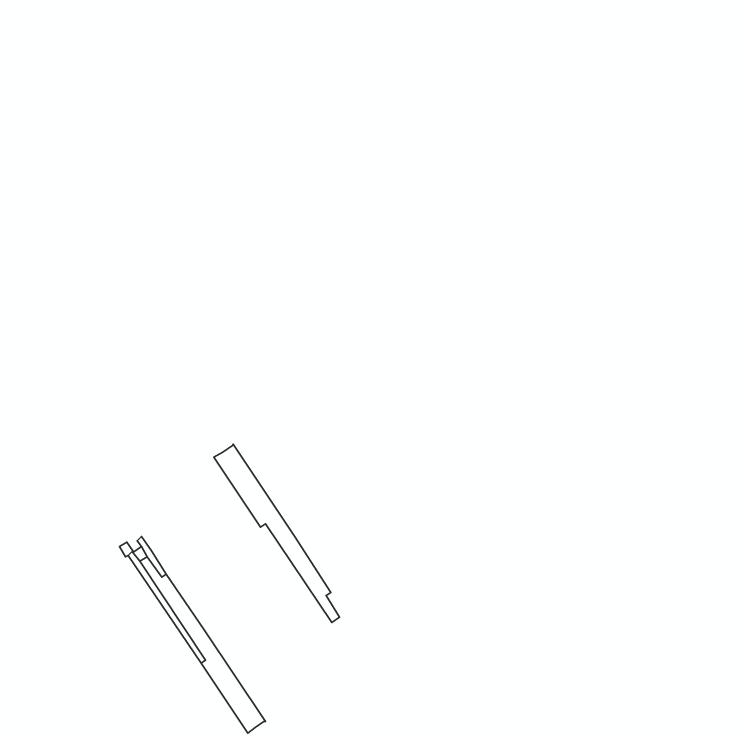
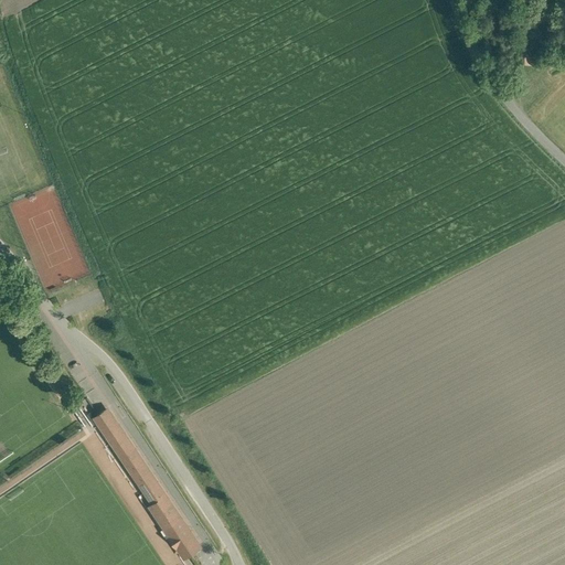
building: [214,444,339,623] -> none

